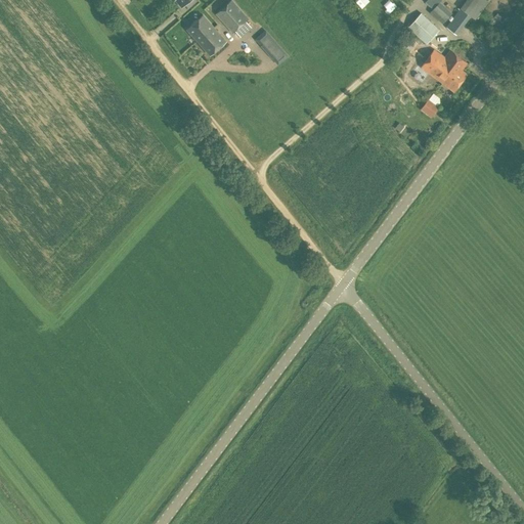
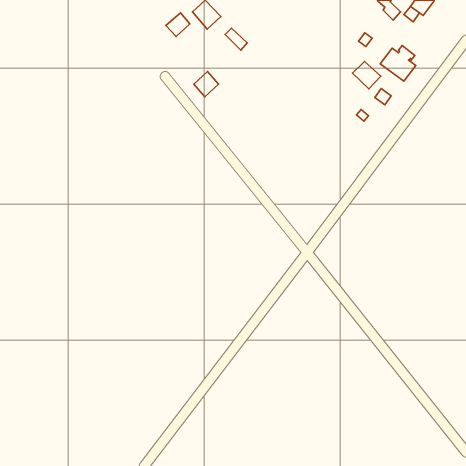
building: [407,13,439,44] -> [353,61,381,89]
building: [198,27,225,55] -> [194,71,218,97]

